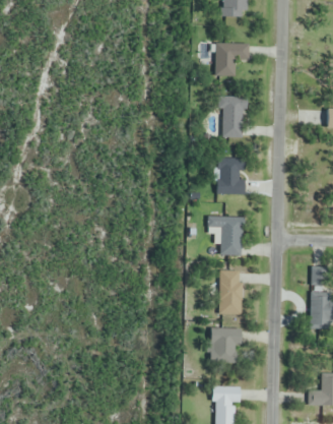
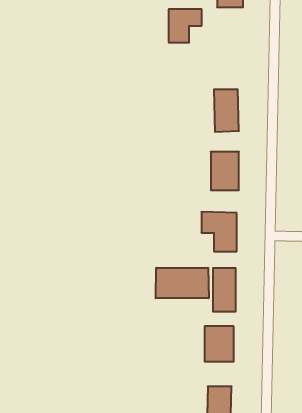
building: [216,43,249,75] -> [169,9,202,42]
building: none -> [156,268,209,298]

